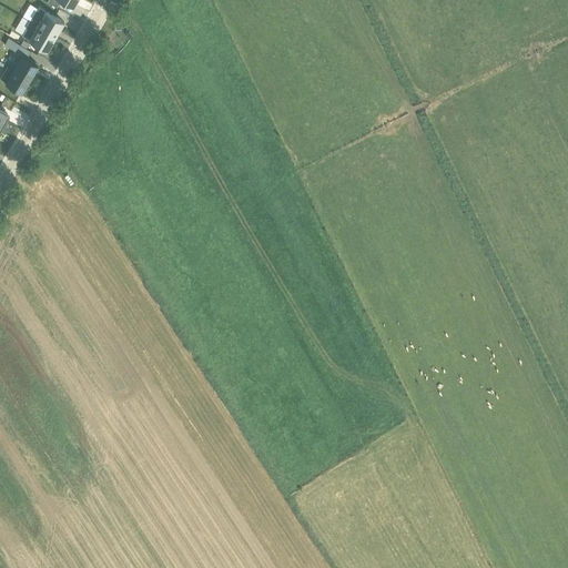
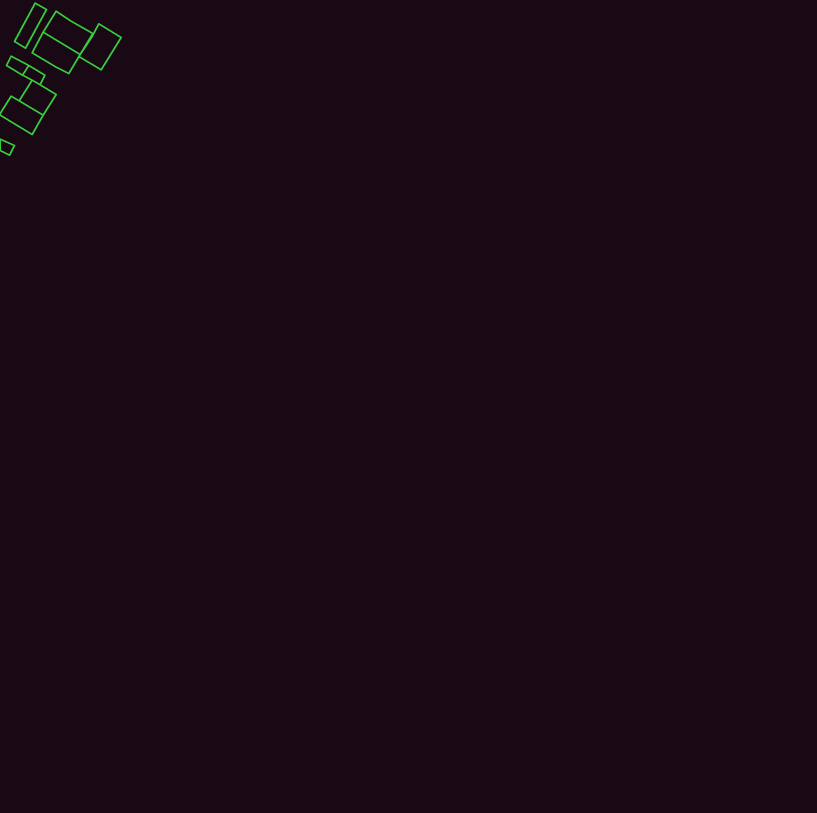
building: none -> [79,24,121,70]

